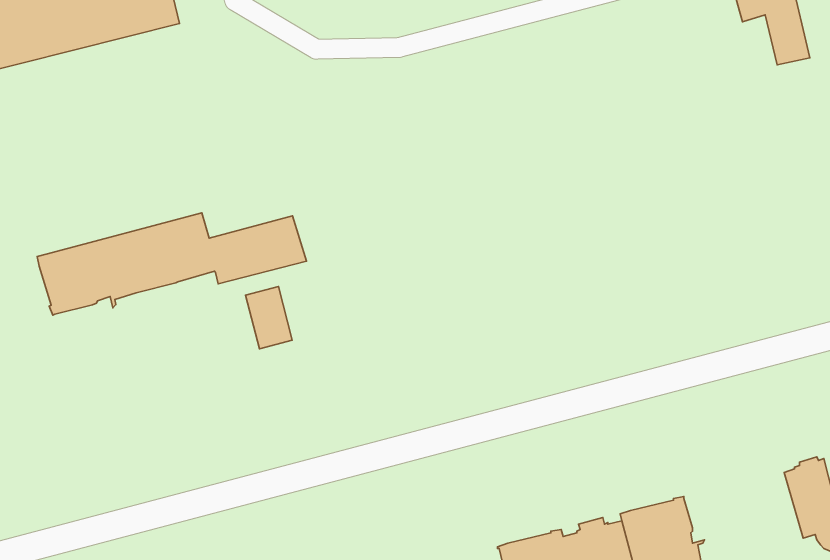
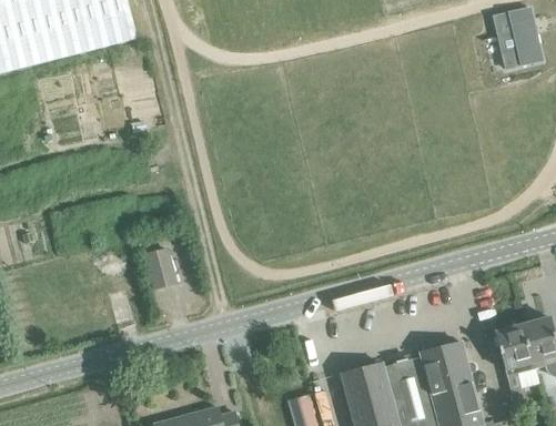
building: [37,213,306,315] -> none
building: [246,287,292,349] -> [145,248,175,288]
building: none -> [495,324,537,376]

